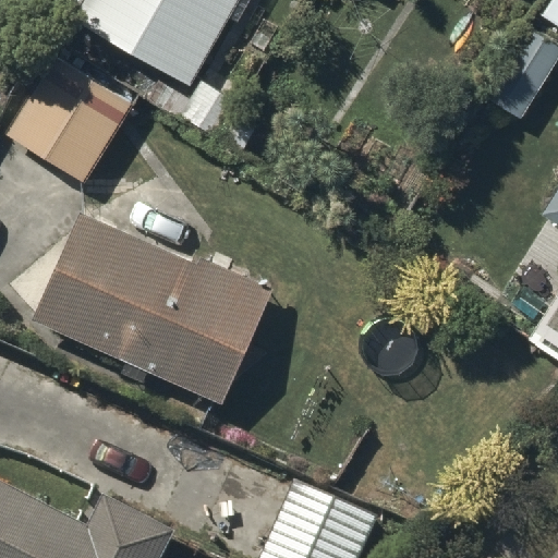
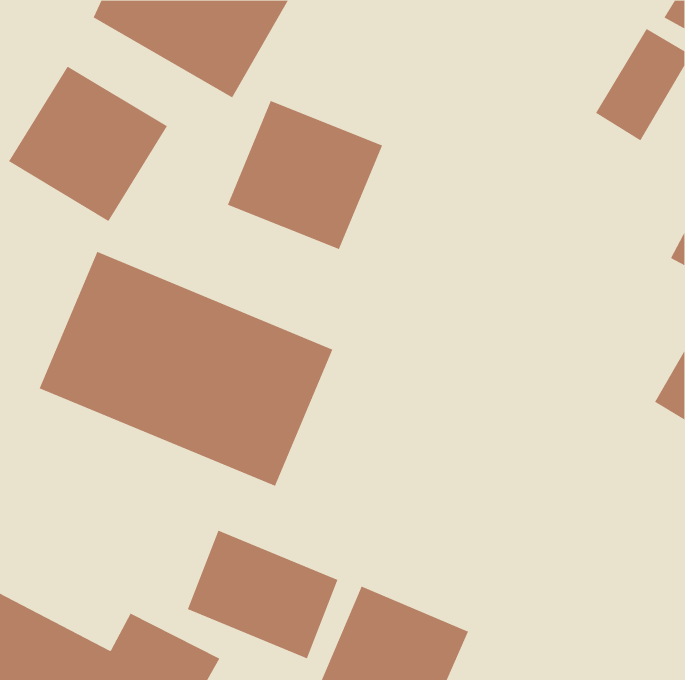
building: none -> [227,100,383,250]
building: none -> [187,530,338,659]

